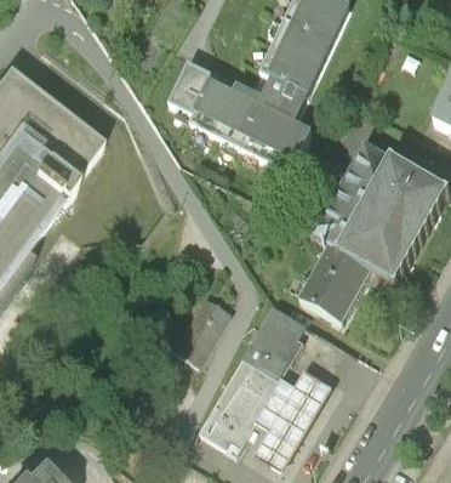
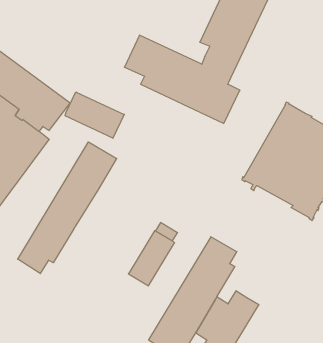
building: none -> [65,92,124,138]
building: none -> [18,142,117,274]
building: [299,243,373,322] -> none

